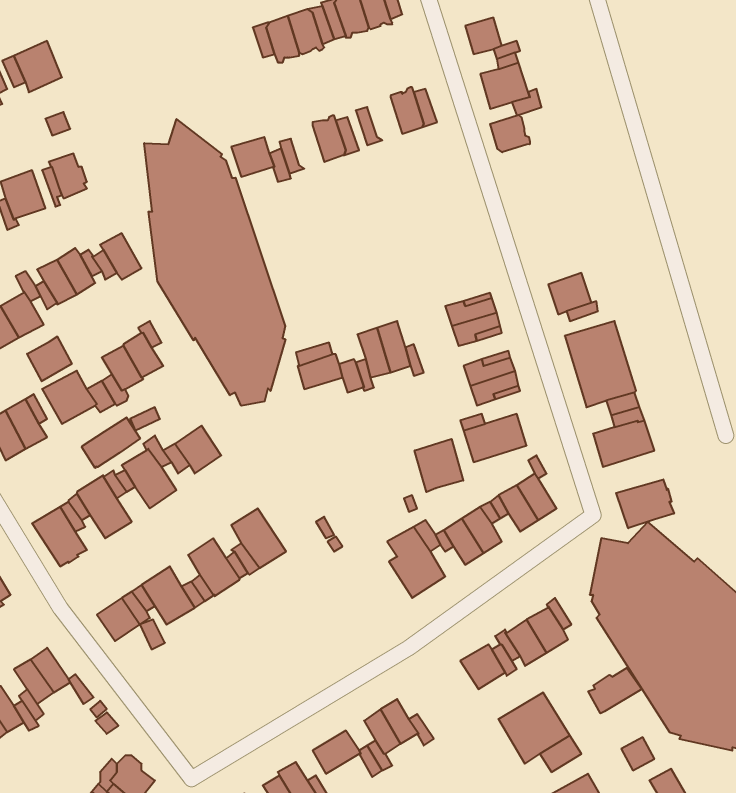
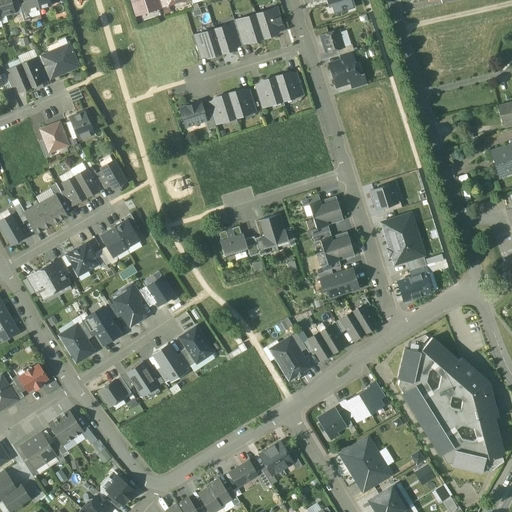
building: none -> [261,77,283,104]
building: [490,115,530,152] -> none
building: [144,119,285,406] -> none
building: none -> [214,94,236,121]
building: [27,336,72,381] -> none
building: [82,417,140,468] -> none
building: [415,439,463,492] -> none
building: [616,479,674,528] -> none
building: [588,668,642,713] -> none

